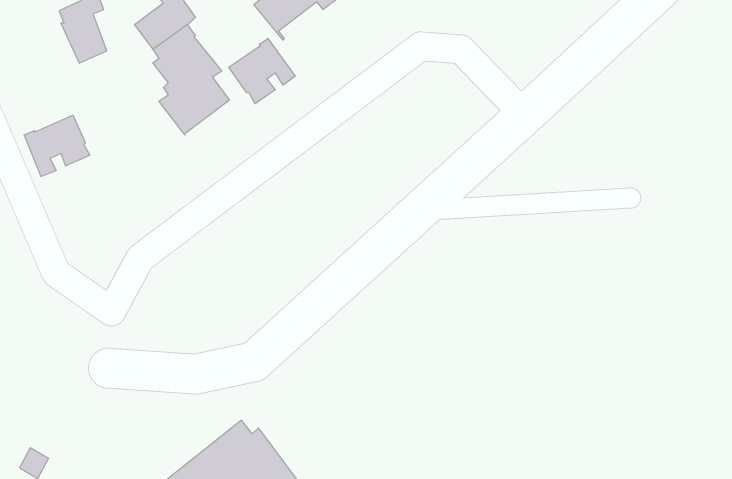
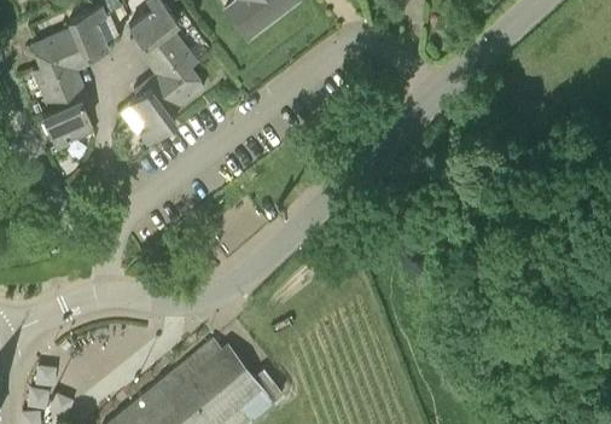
building: none -> [33,28,87,114]
building: [229,38,295,104] -> none
building: none -> [130,89,176,144]

